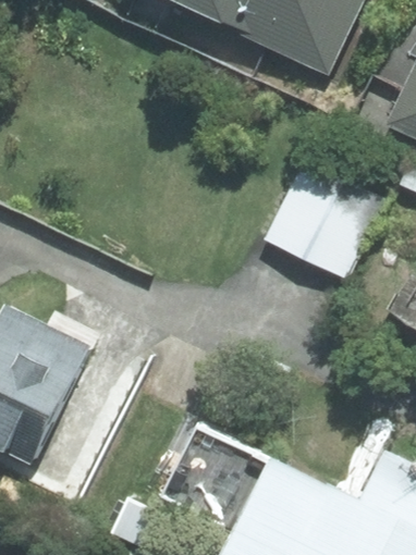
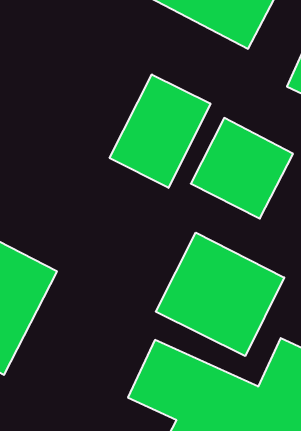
building: none -> [110,74,210,188]
building: none -> [156,233,284,356]

